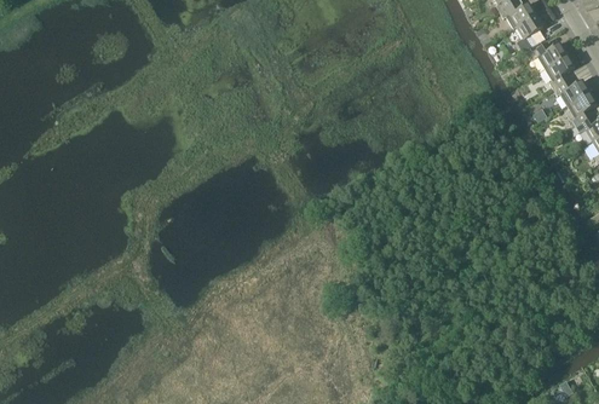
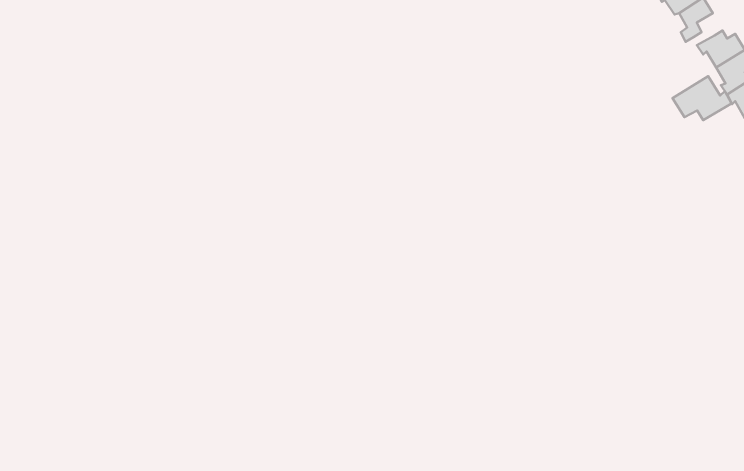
building: none -> [673,76,732,120]

